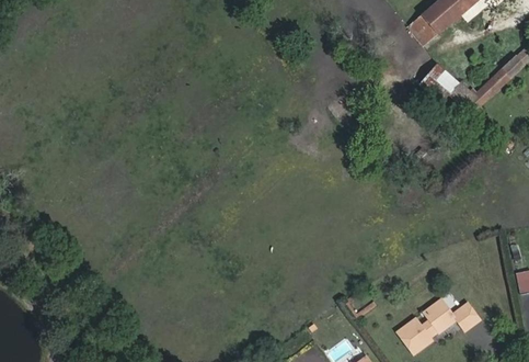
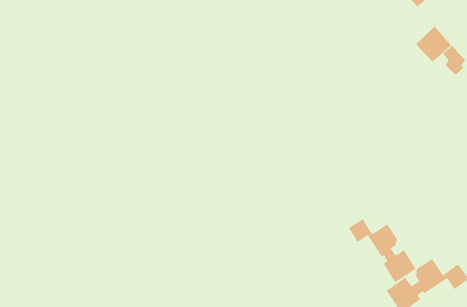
building: none -> [348,219,416,283]

